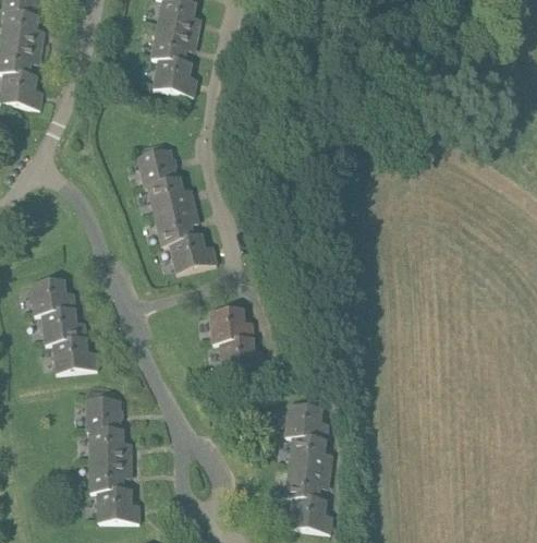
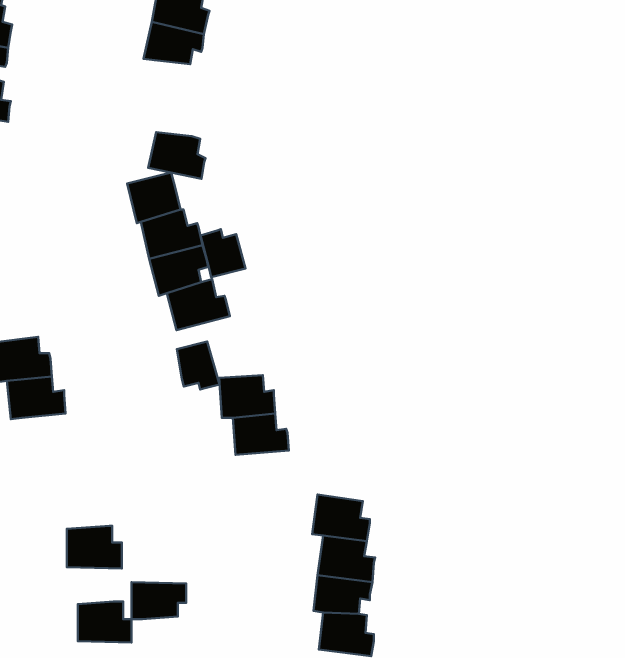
building: [150,58,196,95] -> [148,132,206,179]
building: none -> [200,229,245,277]
building: none -> [177,341,219,389]
building: [51,339,97,372] -> none
building: [85,390,121,431] -> none
building: [87,461,131,491] -> [131,582,186,619]

